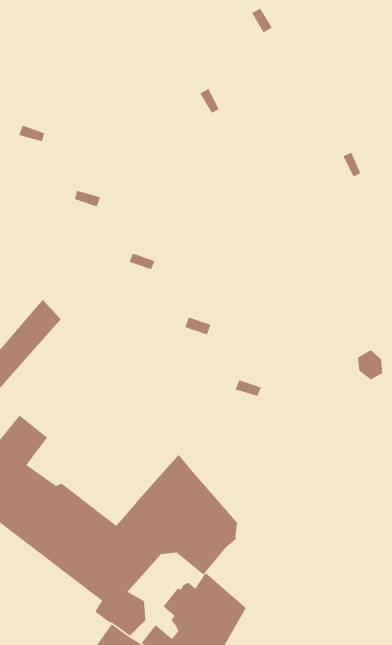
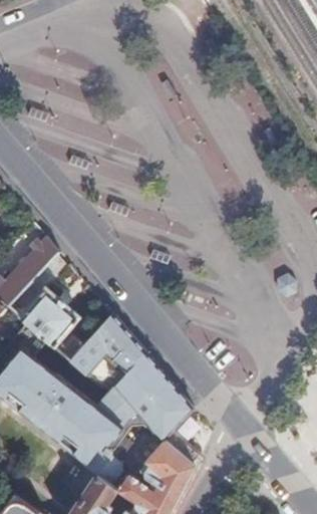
building: none -> [19,287,78,346]
building: none -> [70,315,143,388]

